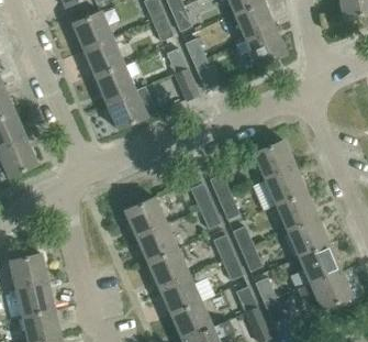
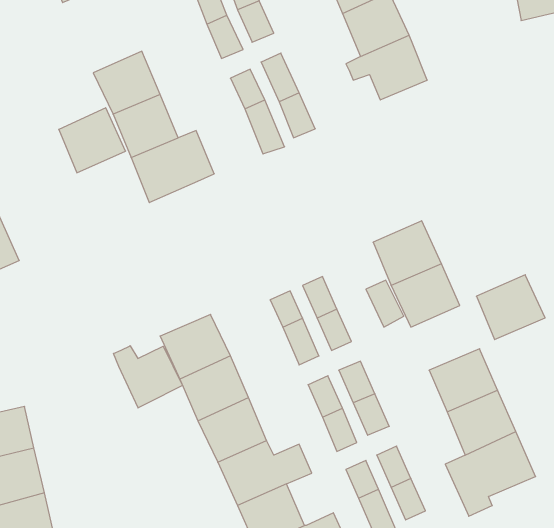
building: [71,10,112,49] -> [59,108,126,173]
building: [276,191,317,231] -> [476,275,545,340]
building: none -> [114,346,183,408]

